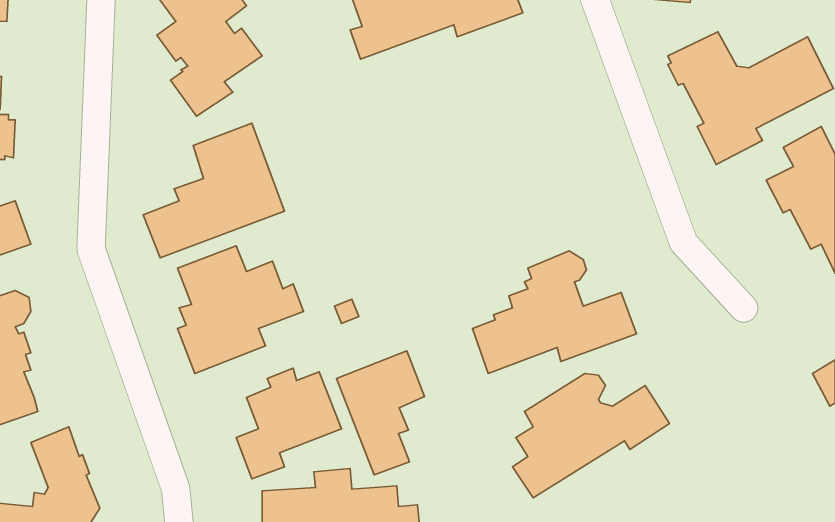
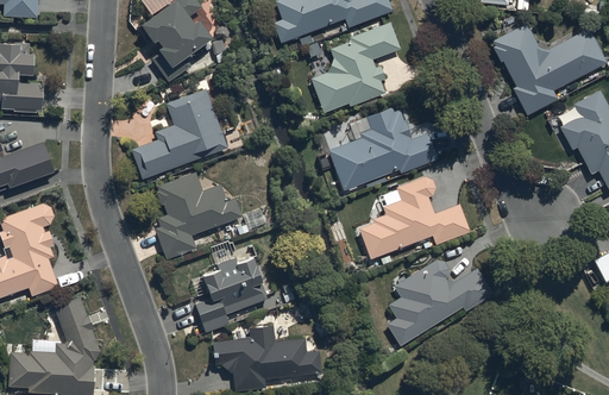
building: none -> [310,21,400,111]
building: none -> [328,106,438,190]
building: [336,351,424,475] -> none

